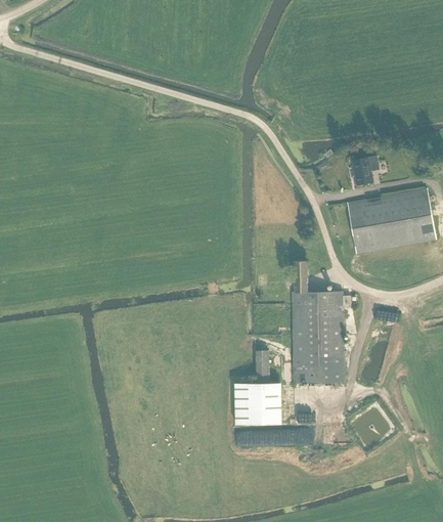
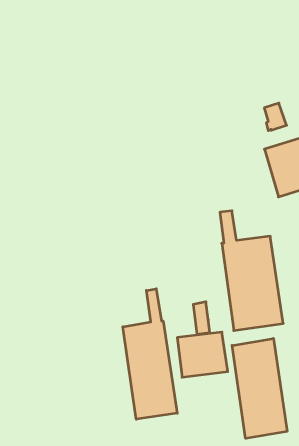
building: none -> [123,289,177,419]
building: none -> [232,338,287,438]

